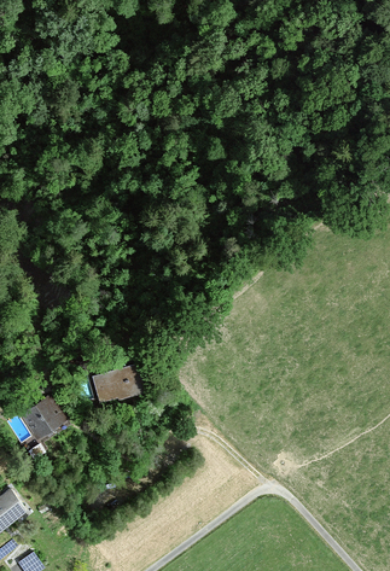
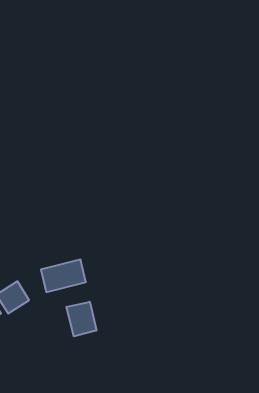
building: none -> [67,302,96,336]

